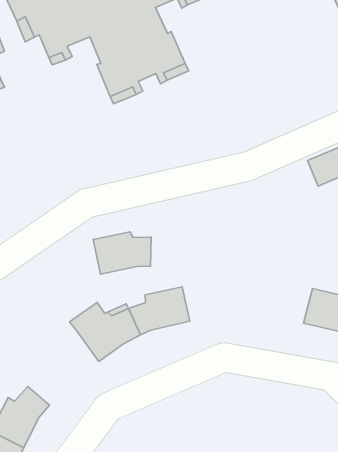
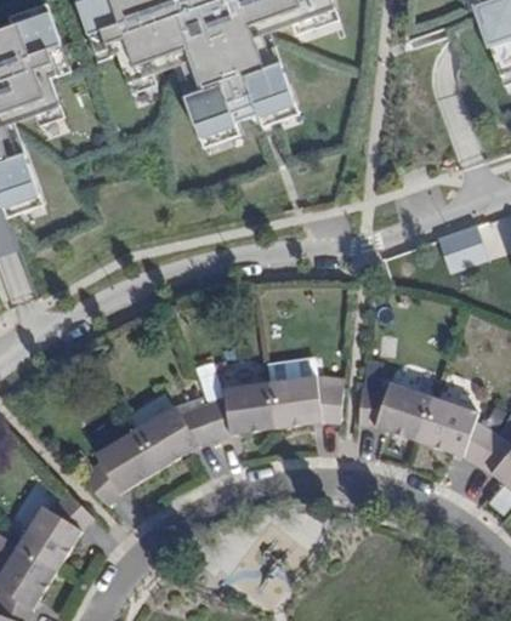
building: [93,232,151,274] -> [269,376,342,426]
building: none -> [357,381,432,439]
building: none -> [80,429,158,503]

